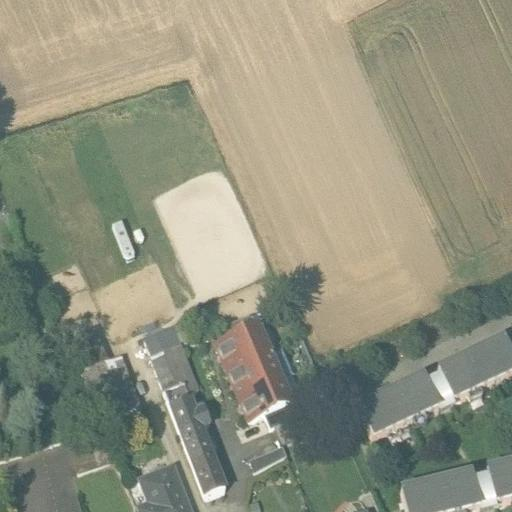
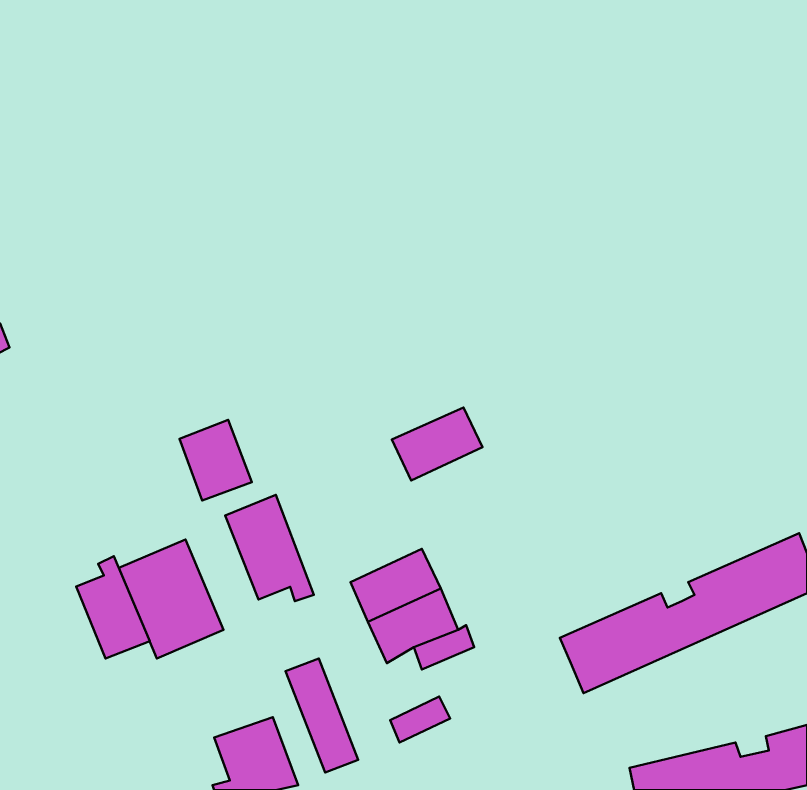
building: none -> [180,420,252,500]
building: [209,321,266,367] -> [392,408,482,481]
building: none -> [76,556,150,659]
building: [163,370,201,423] -> none

